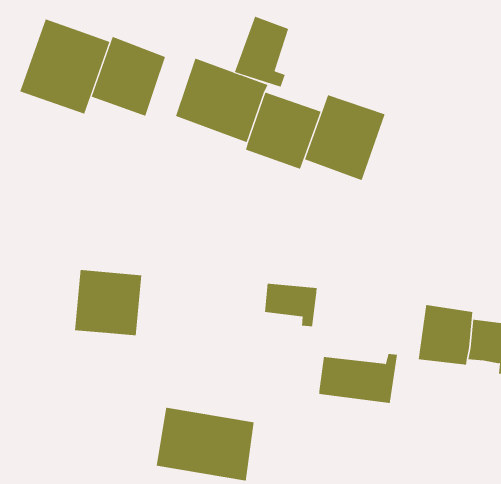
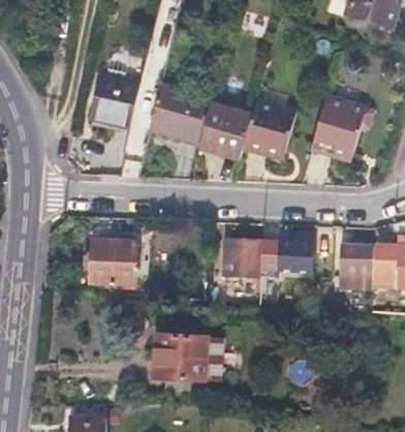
building: [234,16,289,88] -> none
building: [20,19,110,115] -> none
building: none -> [311,96,373,160]
building: [318,354,398,403] -> [259,236,313,271]

